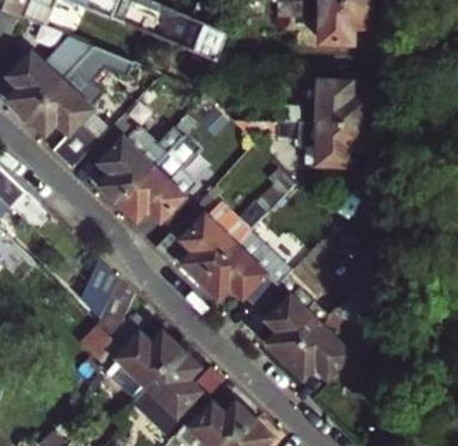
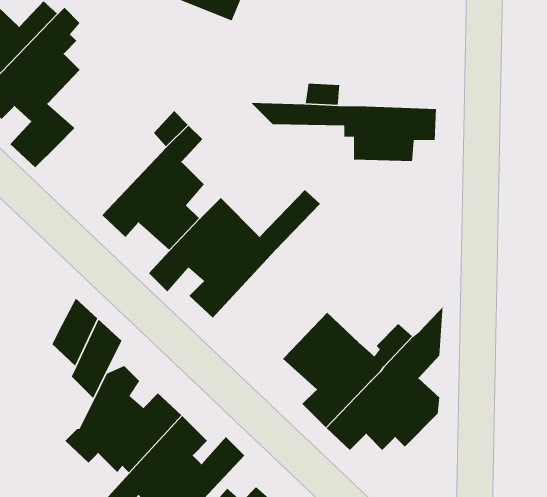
building: [308,81,366,124] -> none
building: [86,128,162,203] -> none
building: [200,229,290,308] -> none

